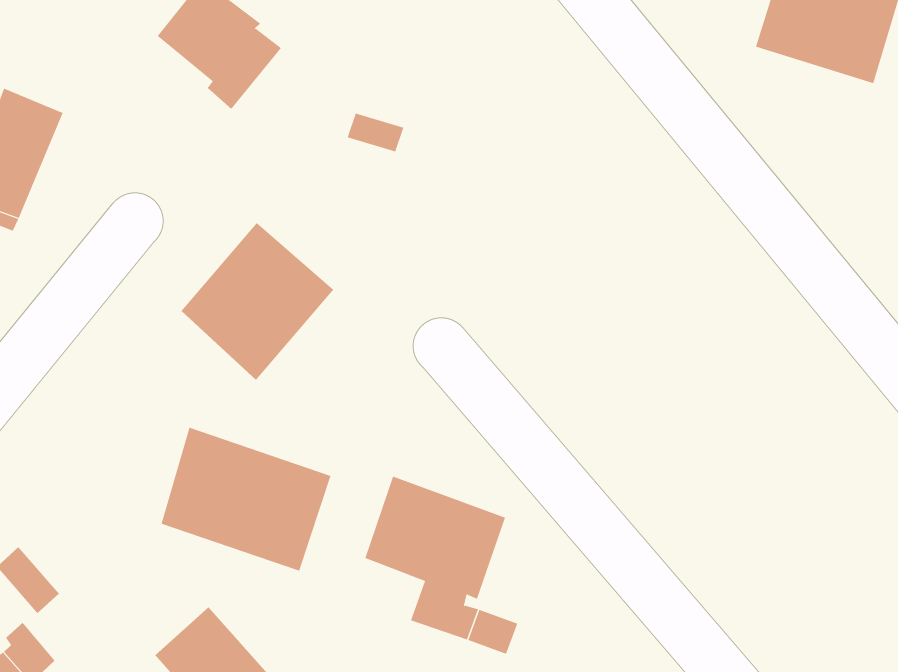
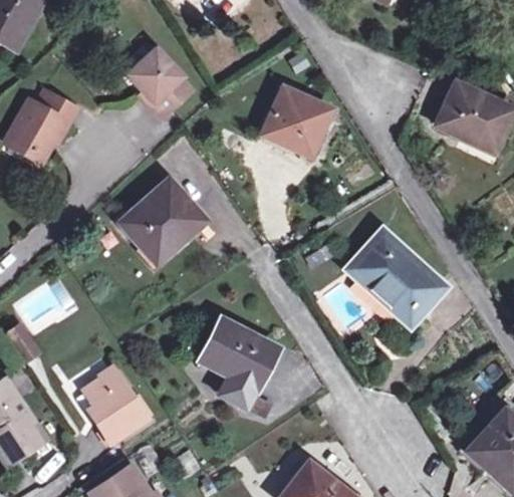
building: none -> [266,84,331,150]
building: none -> [349,230,444,323]
building: [161,427,331,571] -> none

